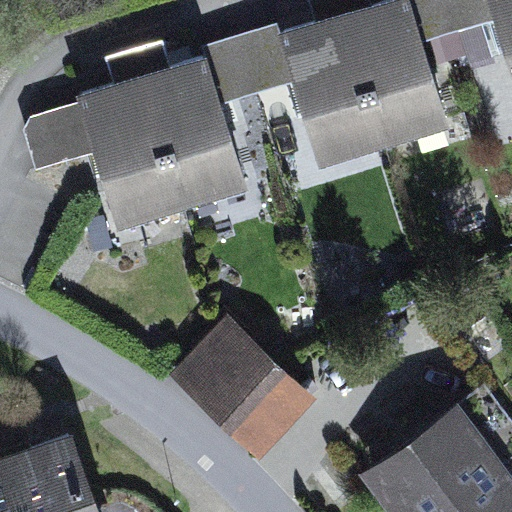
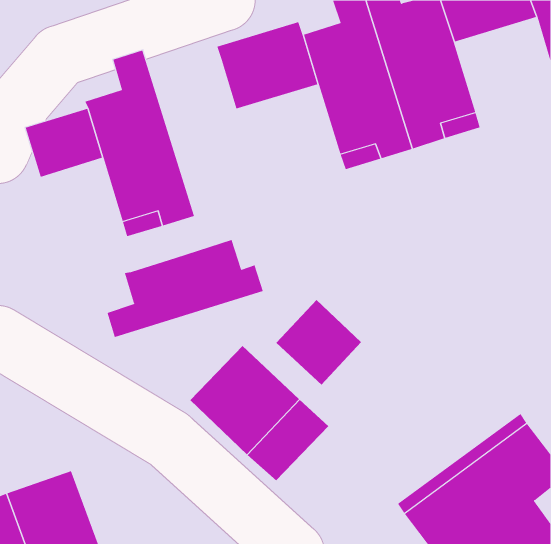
building: [132,45,238,208] -> none
building: none -> [107,239,264,338]
building: none -> [275,299,362,386]

